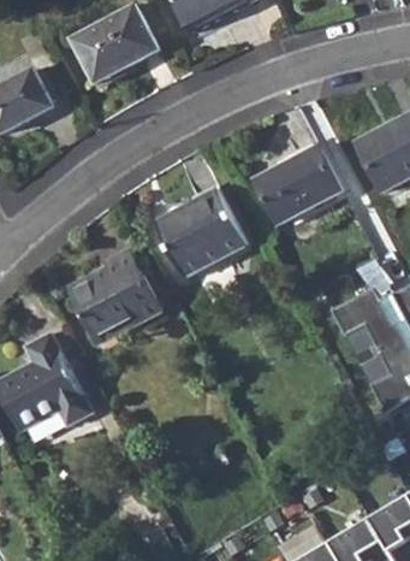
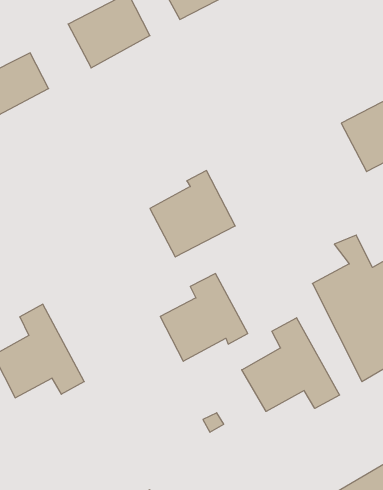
building: [255,147,343,226] -> none
building: [70,248,161,339] -> [160,274,248,361]
building: none -> [242,318,340,411]

